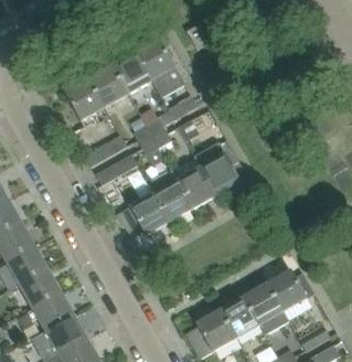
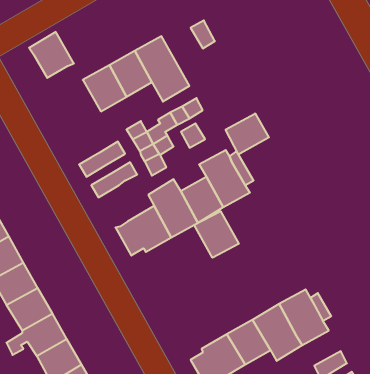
building: [63,78,104,120] -> [29,32,74,78]
building: none -> [226,113,269,155]
building: none -> [194,211,239,258]

